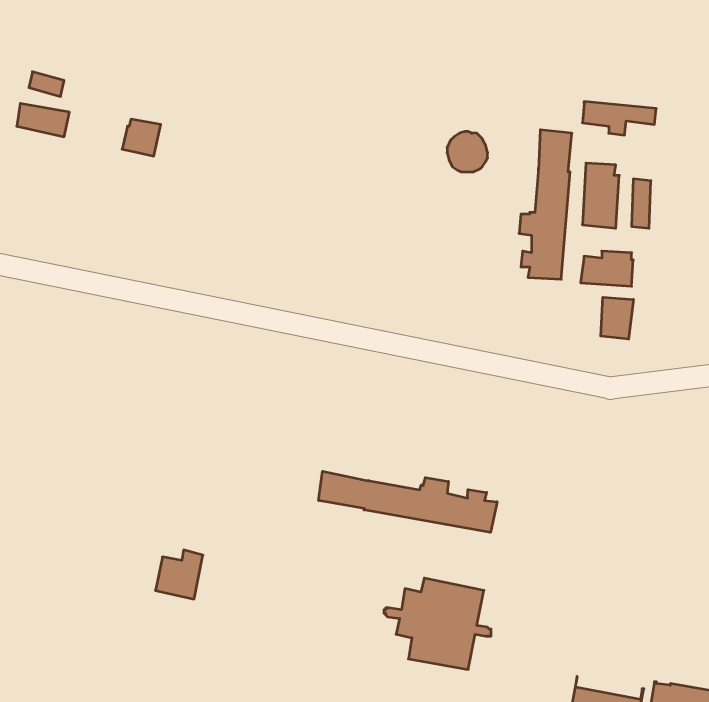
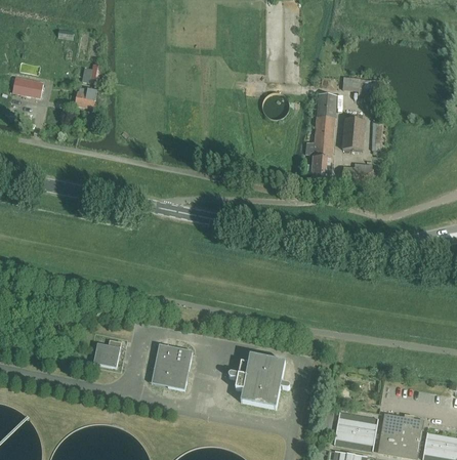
building: [601,297,633,339] -> none
building: [319,471,497,532] -> none
building: none -> [151,343,192,389]

